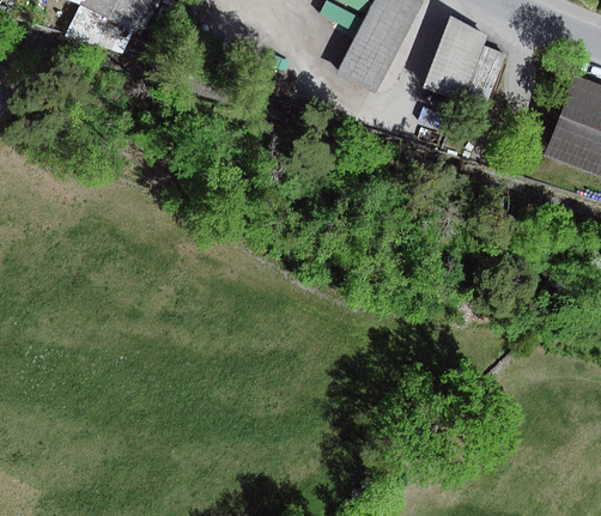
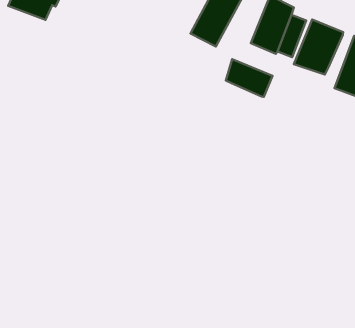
building: none -> [294,20,343,74]
building: none -> [226,59,272,97]

